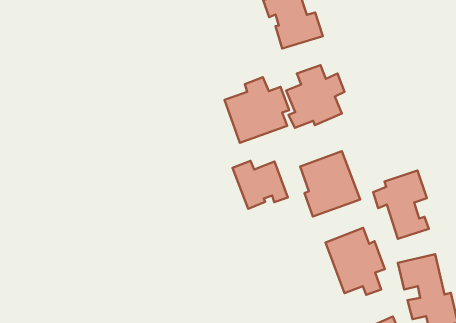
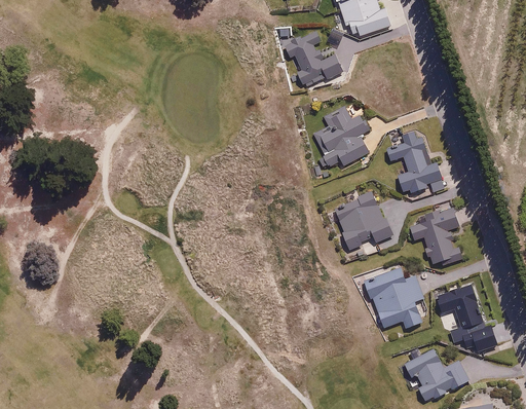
building: [224,77,289,143] -> none
building: none -> [385,123,441,192]
building: [232,161,288,209] -> none

